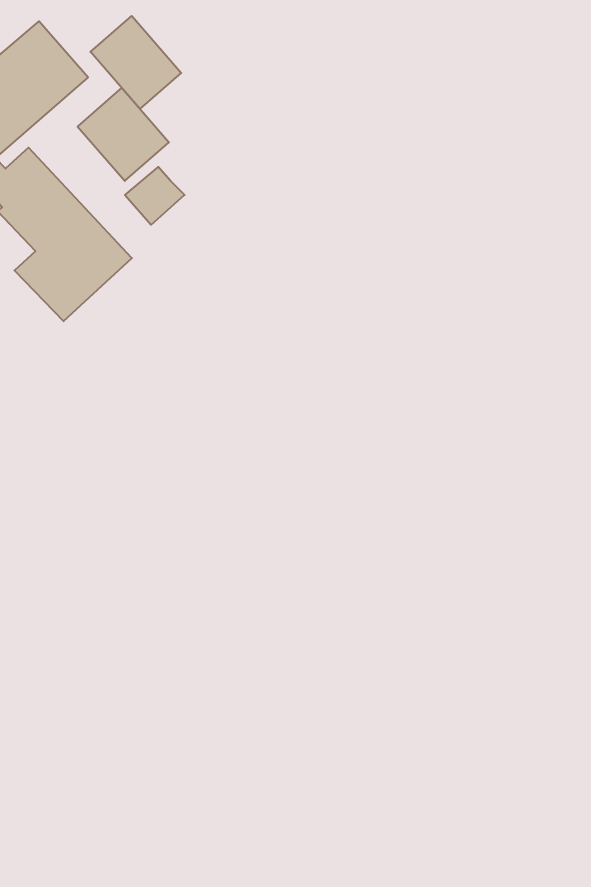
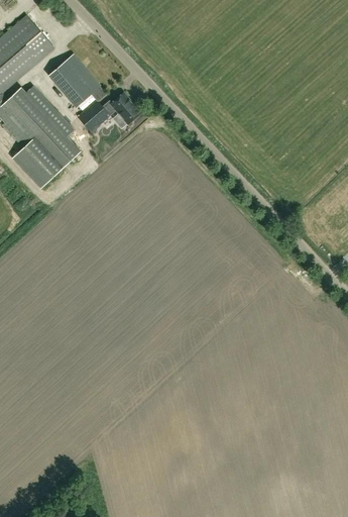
building: [90,16,181,109] -> none
building: none -> [102,92,140,123]

